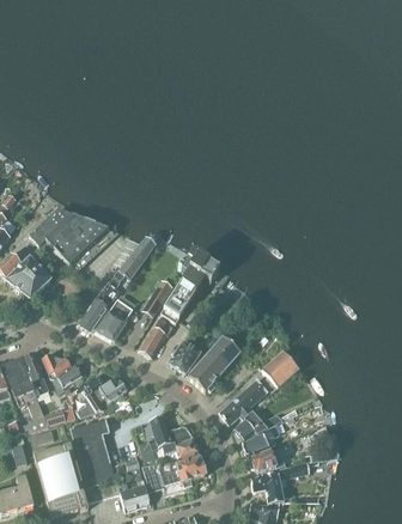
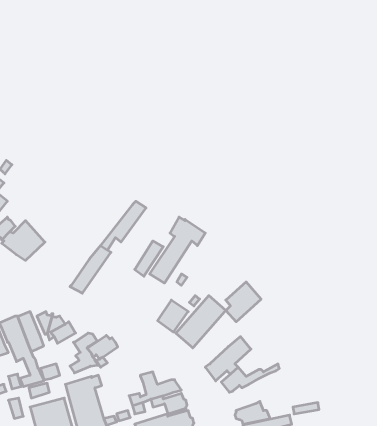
building: [29,208,108,266] -> none
building: [93,298,132,340] -> none
building: [138,317,173,358] -> none
building: [261,351,298,392] -> [226,282,261,322]
building: [242,424,278,455] -> none

